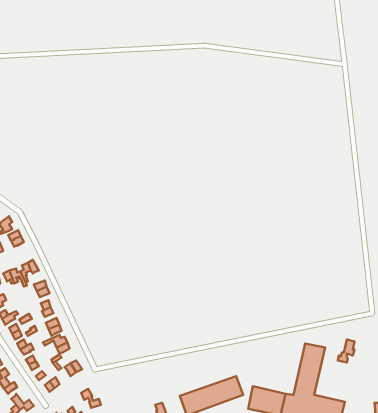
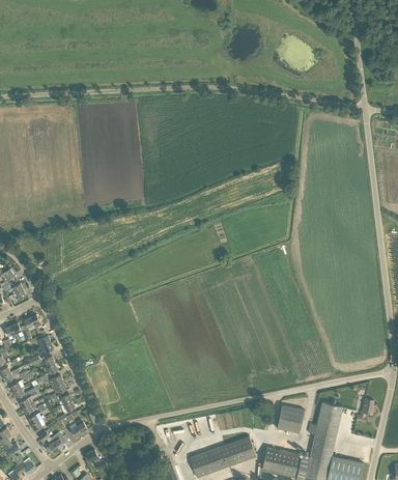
building: none -> [276,405,304,433]

